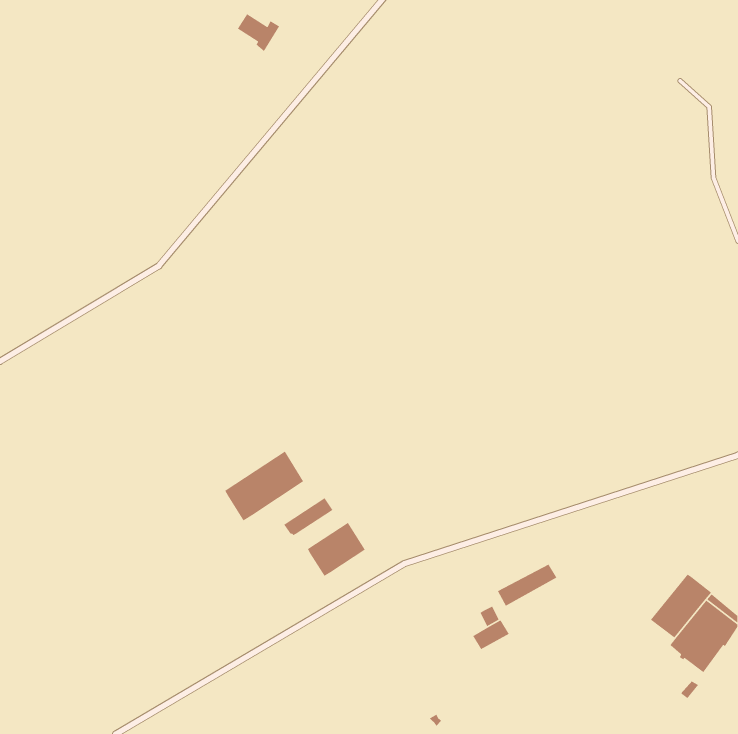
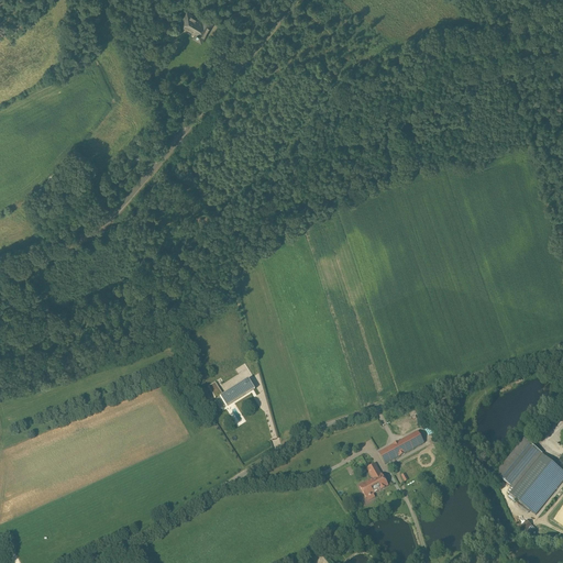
building: [224,451,304,522] -> none
building: [307,522,366,577] -> none

